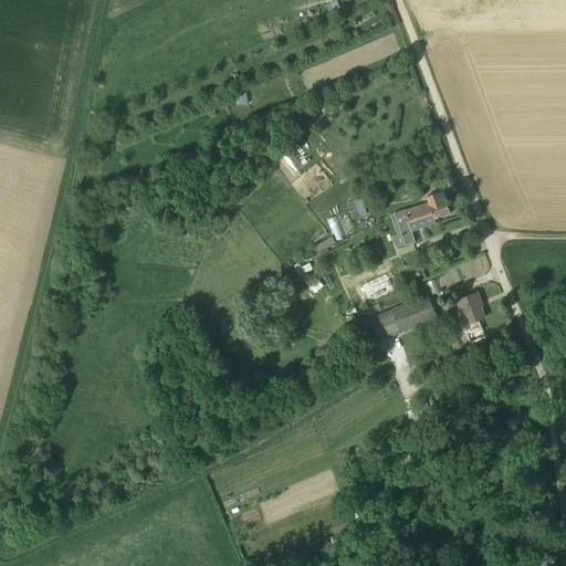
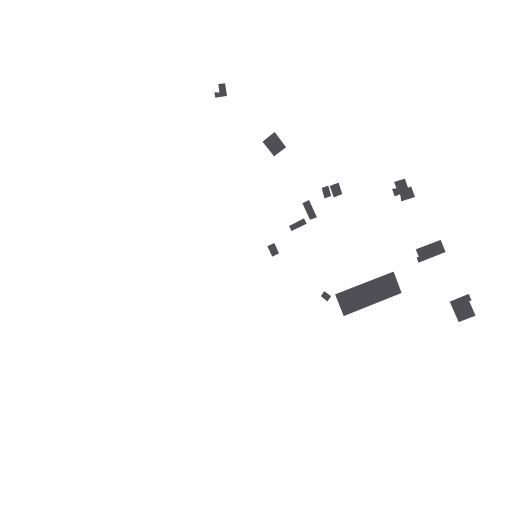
building: [394,206,436,247] -> none
building: [454,294,484,326] -> [449,293,476,323]

